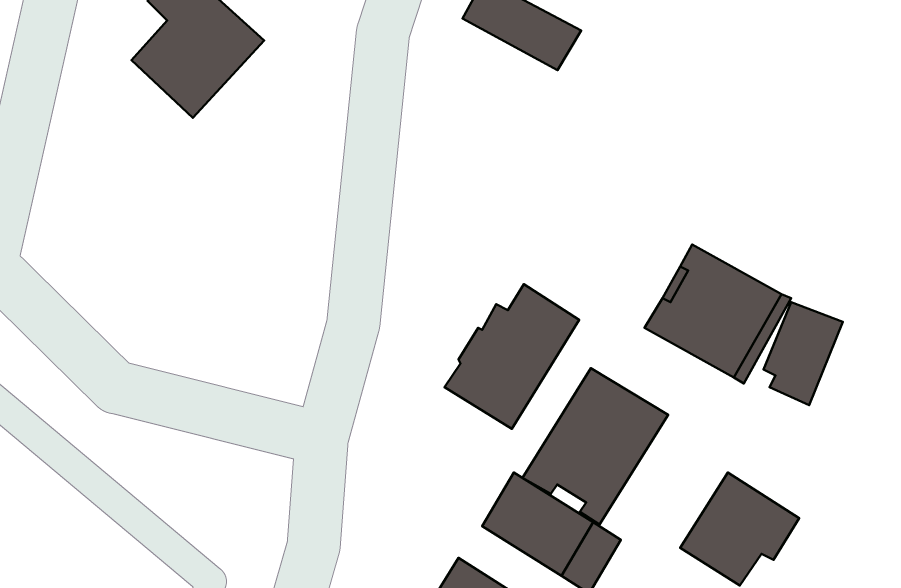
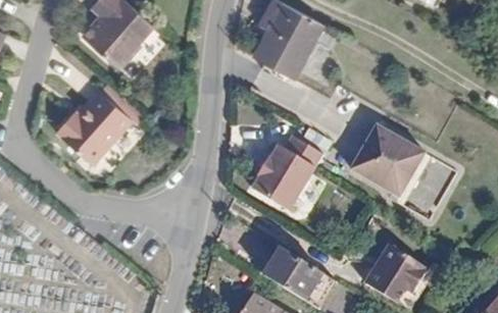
building: none -> [247,13,304,73]
building: none -> [64,80,144,154]
building: [522,368,668,524] -> none

